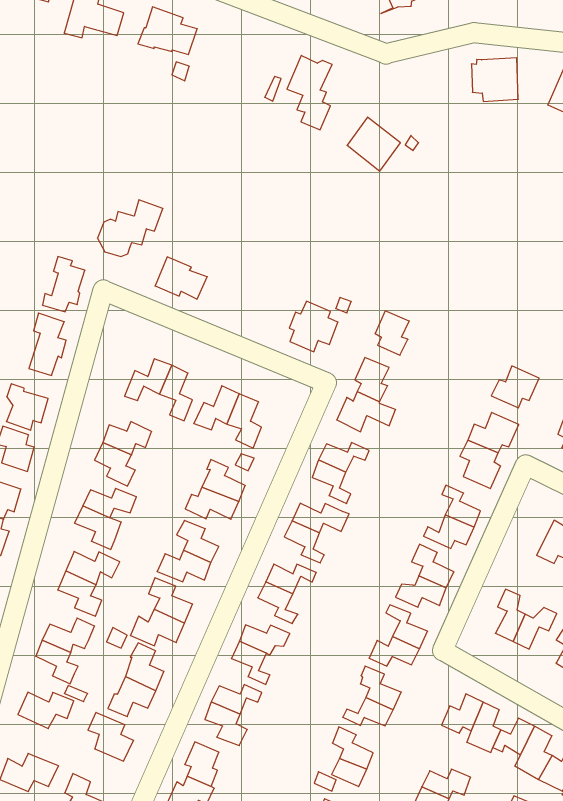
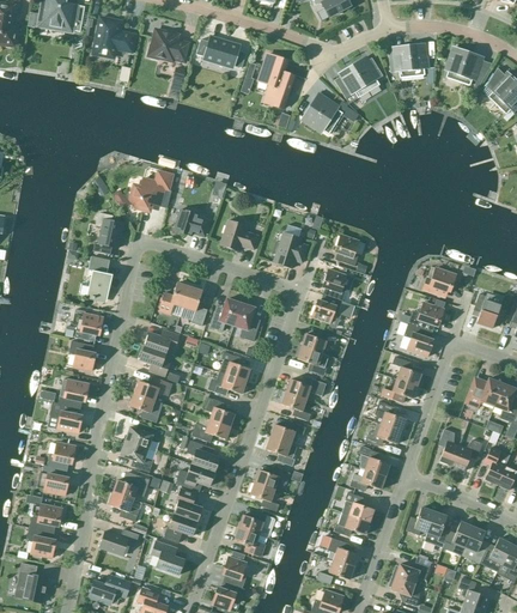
building: none -> [196,35,247,67]
building: none -> [335,57,381,98]
building: none -> [220,220,258,250]

